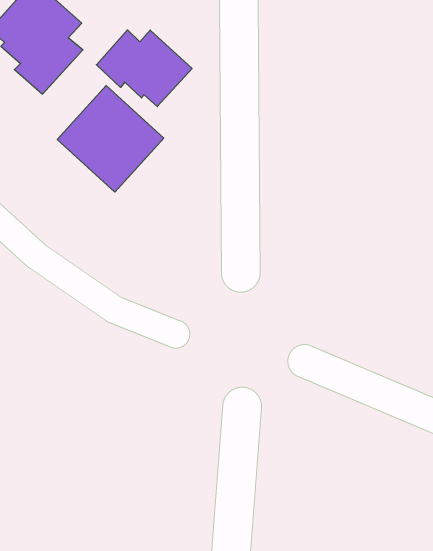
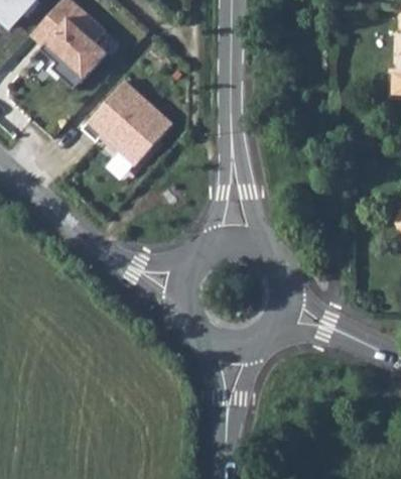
building: [96,30,192,107] -> none

